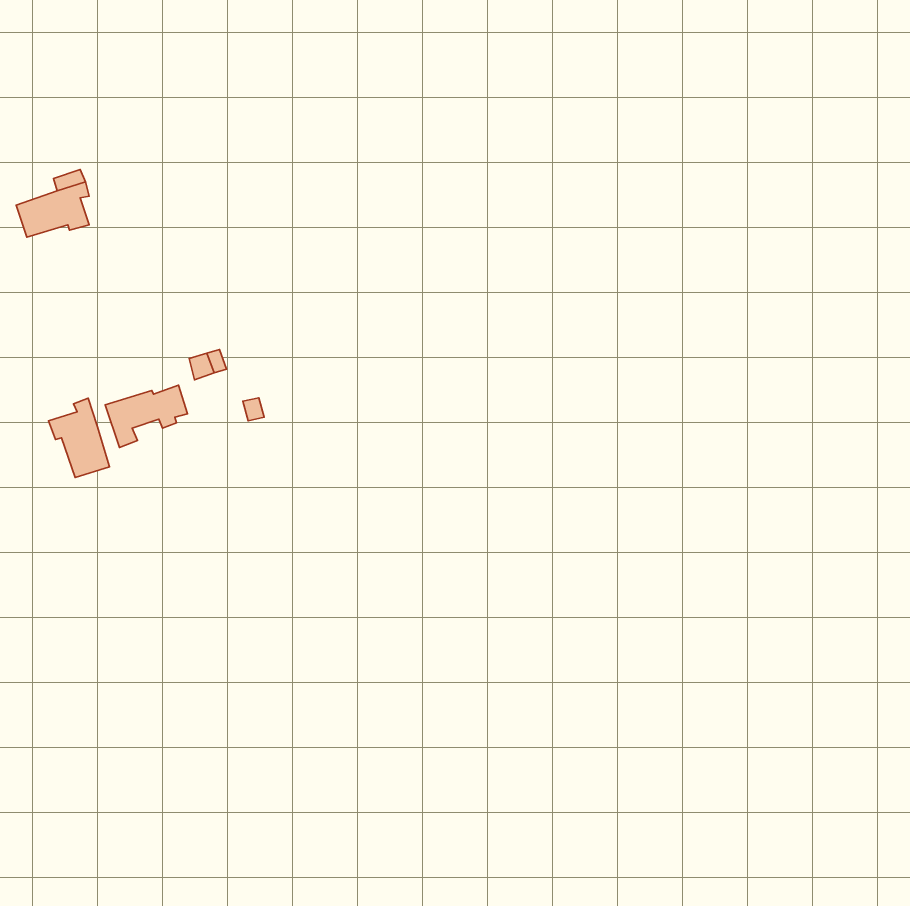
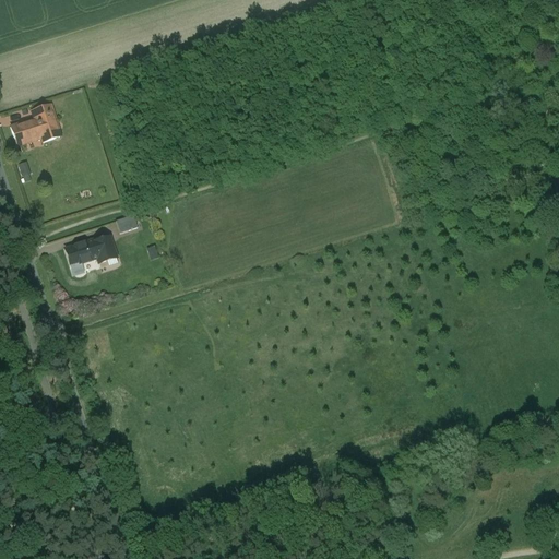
building: [49,398,109,478] -> none

